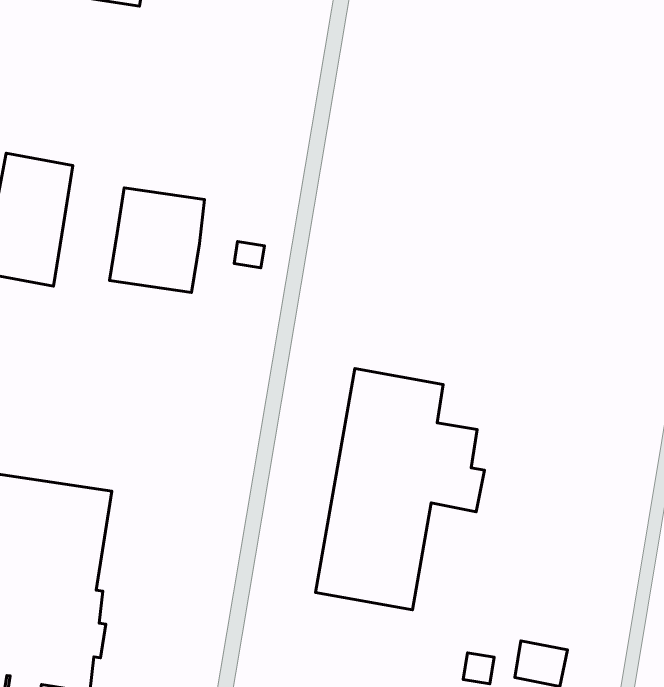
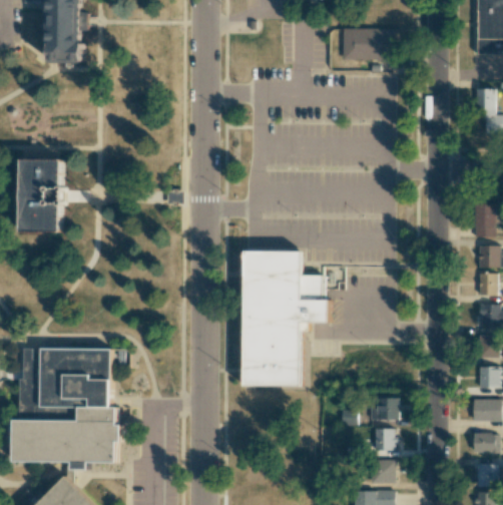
building: none -> [341,27,391,59]
building: [109,188,204,292] -> none

